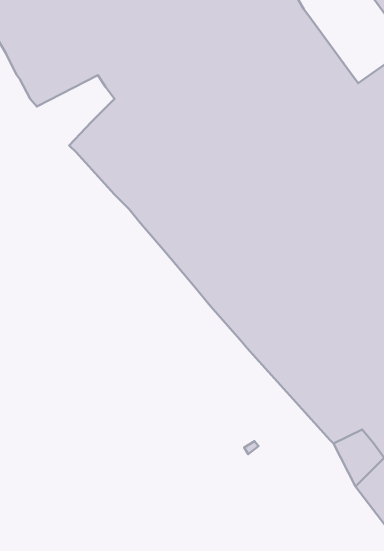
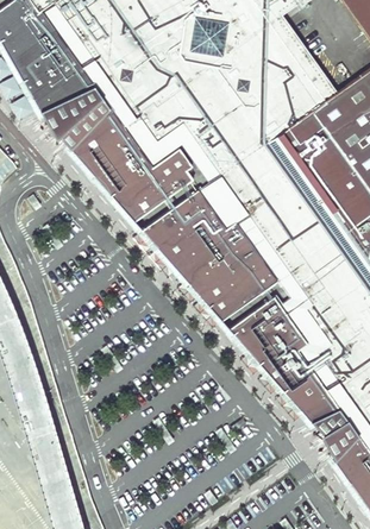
building: none -> [42,86,113,150]

